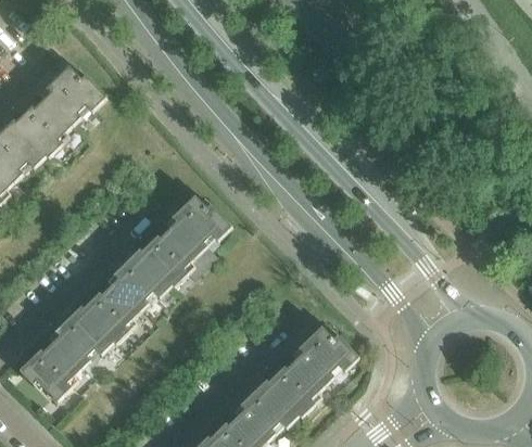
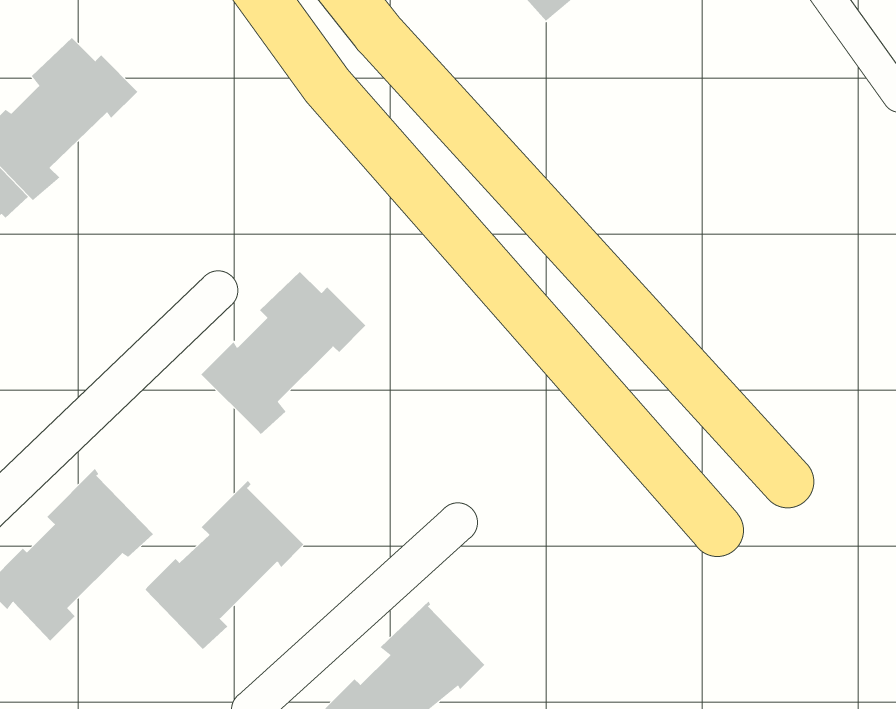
building: [80,250,169,344] -> [144,480,304,650]
building: [265,327,356,419] -> none

